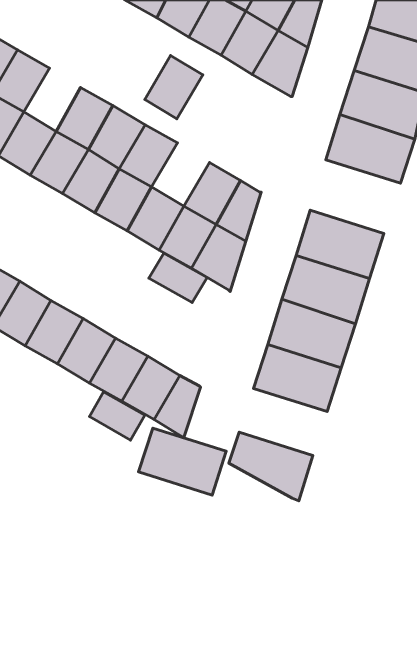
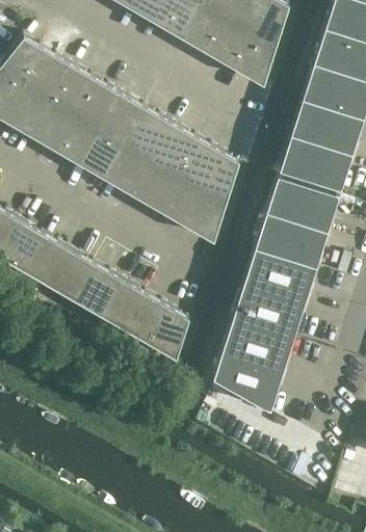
building: [145,56,203,119] -> [150,124,197,175]
building: none -> [47,63,93,114]
building: none -> [279,137,350,192]
building: [149,253,207,302] -> none
building: [89,392,145,440] -> none
building: [139,428,226,495] -> [220,321,291,375]

